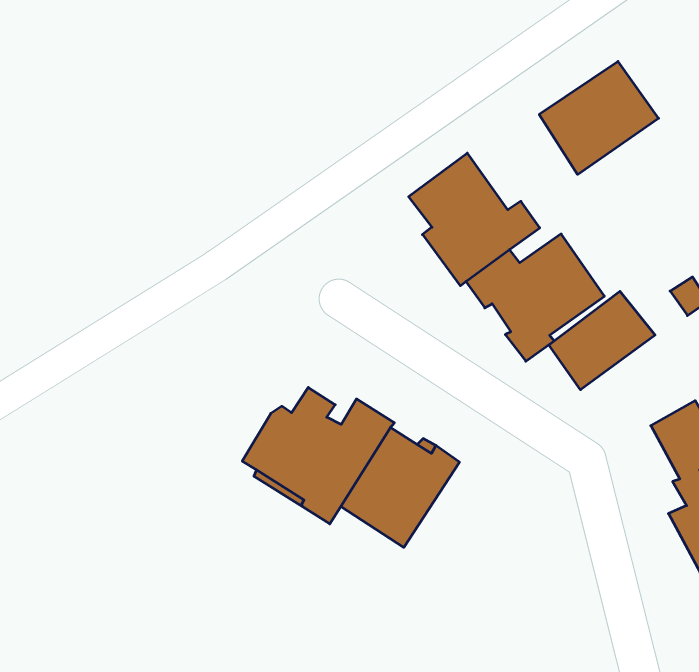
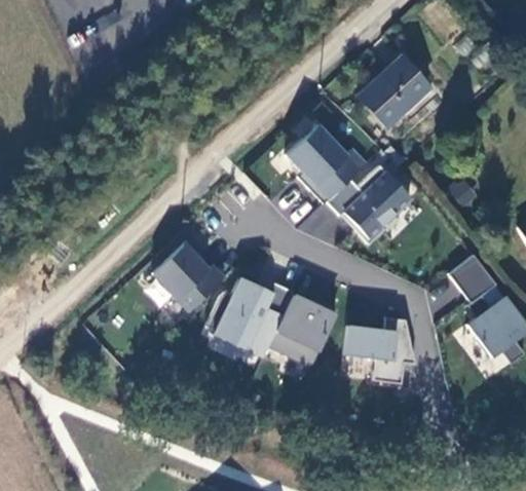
building: [549,291,655,390] -> none
building: none -> [151,238,226,311]
building: none -> [344,317,415,384]

